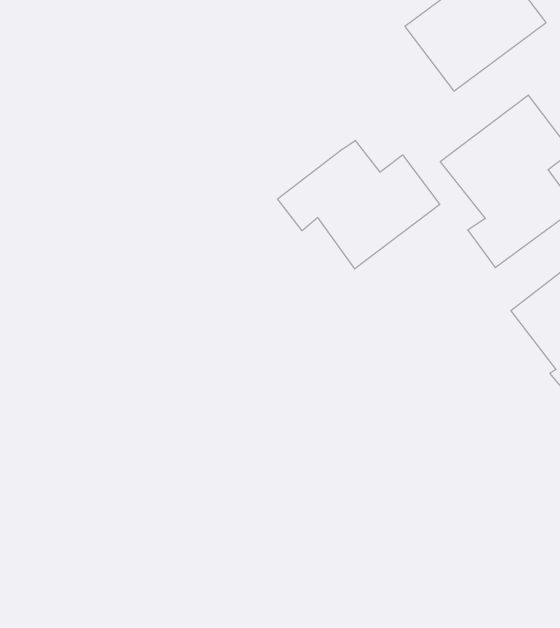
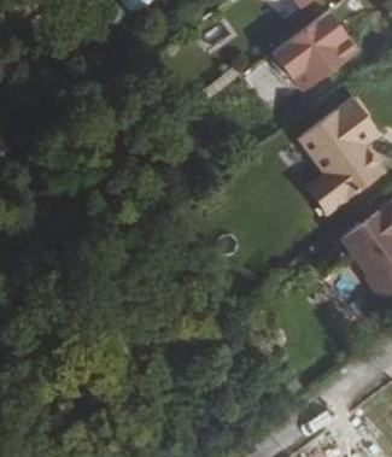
building: [278,140,440,269] -> none

